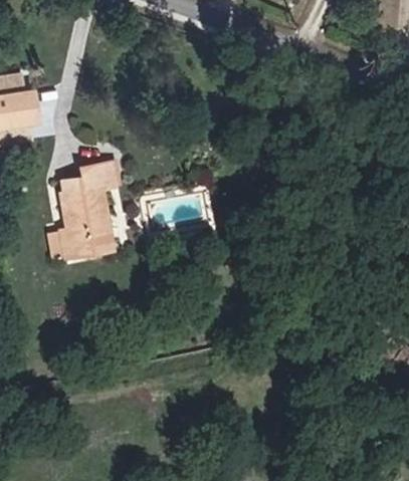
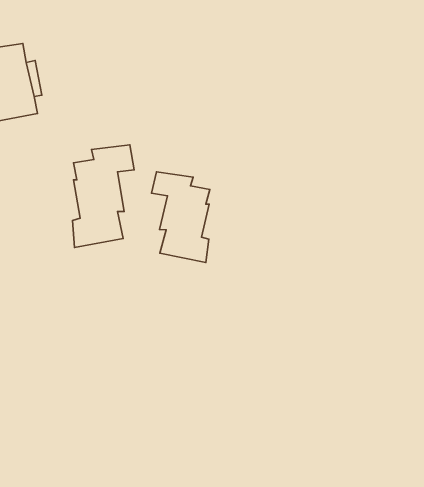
building: none -> [151,172,210,263]

